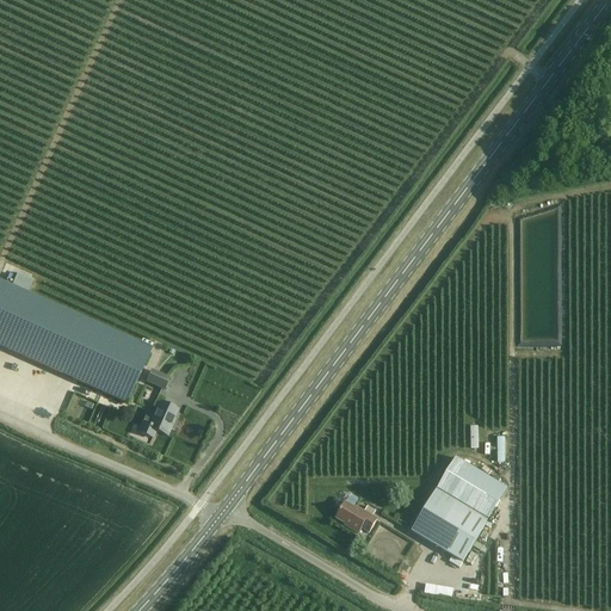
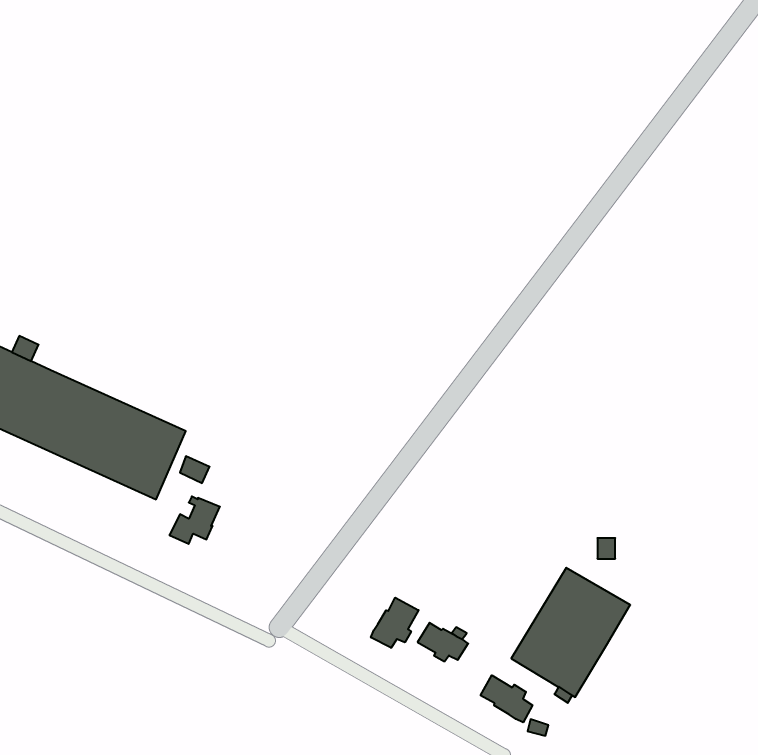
building: none -> [371,598,419,648]
building: none -> [481,675,532,722]

